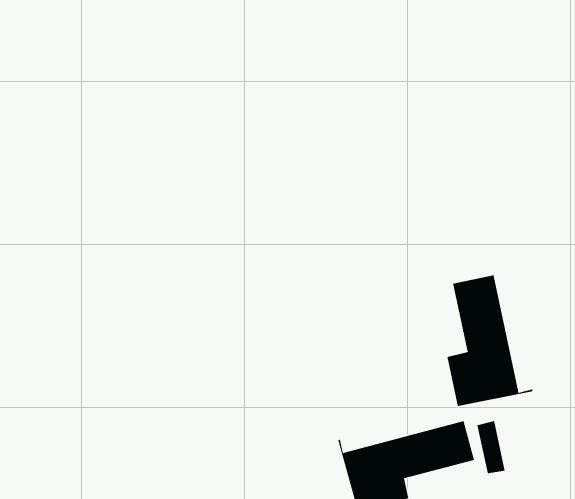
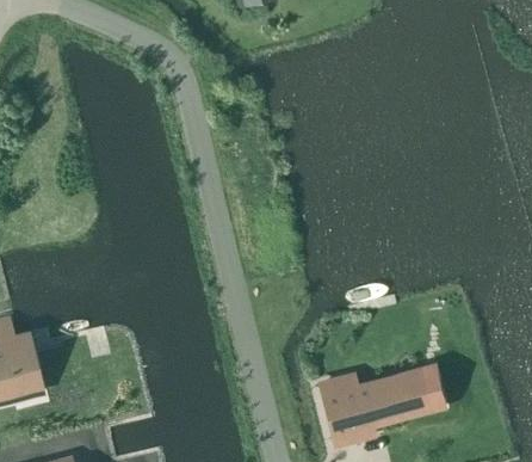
building: [447,275,533,407] -> none

